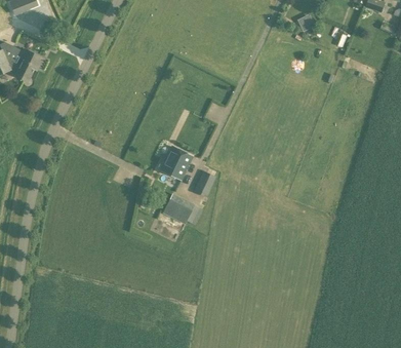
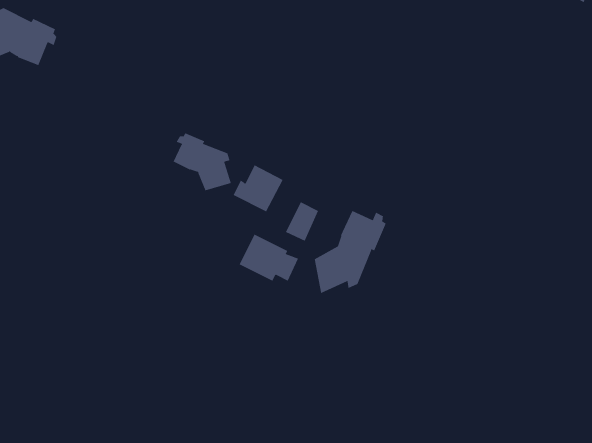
building: none -> [173,132,231,191]
building: none -> [314,210,387,294]

